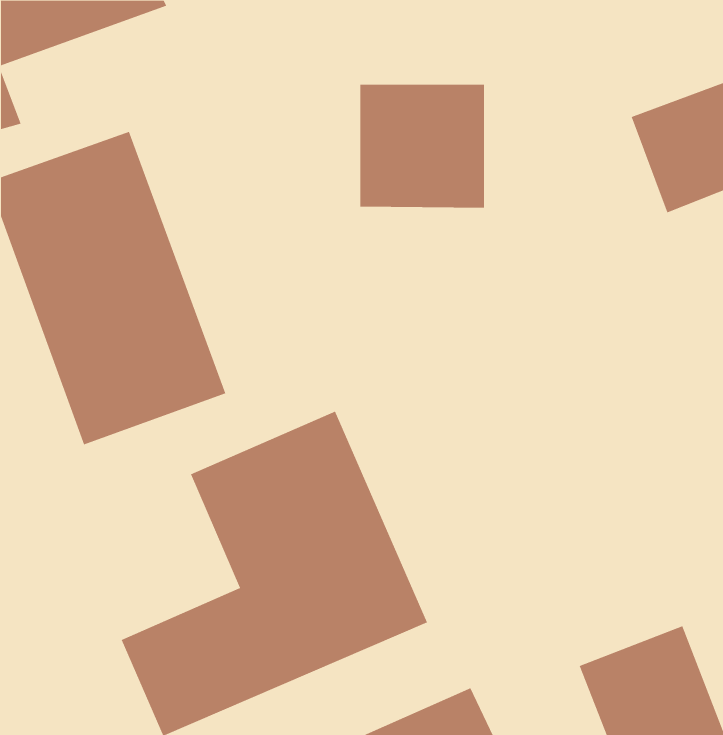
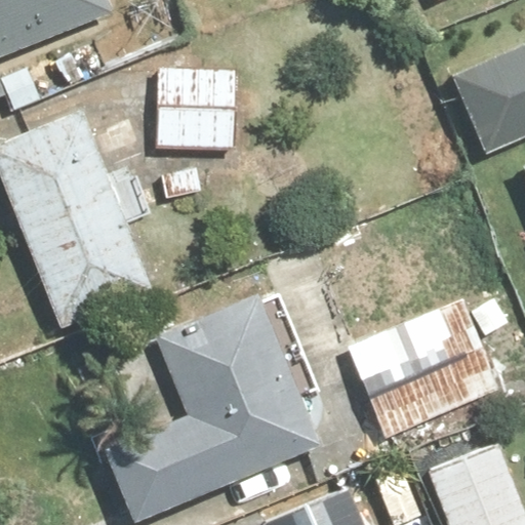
building: [359,84,485,208] -> [161,56,250,145]
building: none -> [348,302,500,444]

